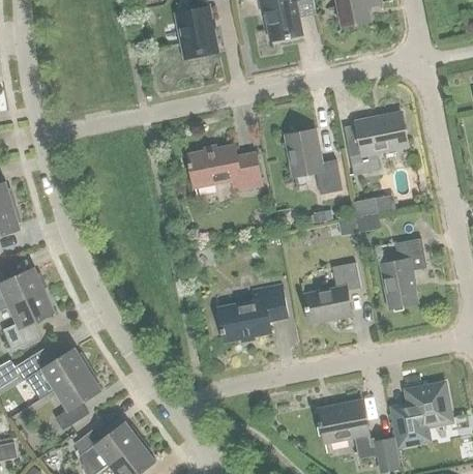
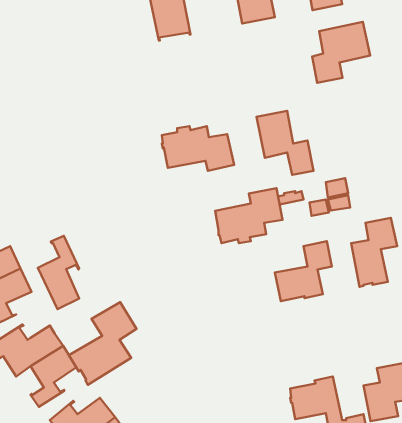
building: [349,111,408,173] -> [312,22,370,83]
building: none -> [38,236,79,309]
building: [218,285,287,340] -> [215,188,282,243]
building: none -> [69,302,137,385]

